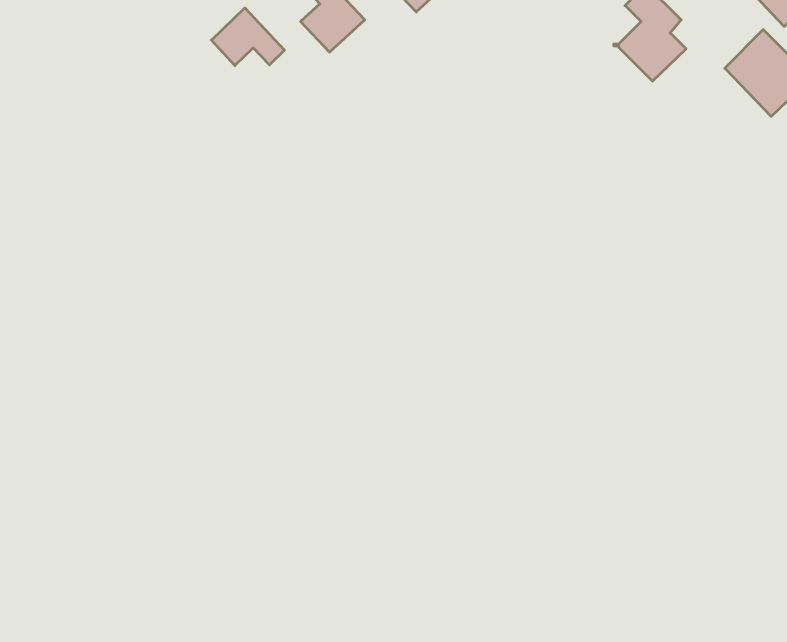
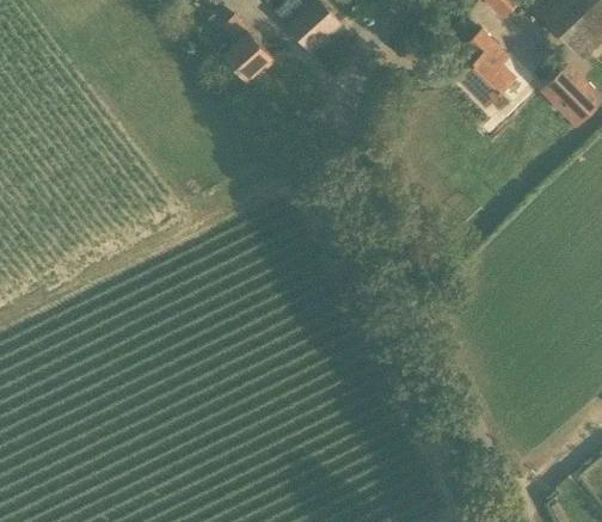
building: [211,8,284,66] -> none

